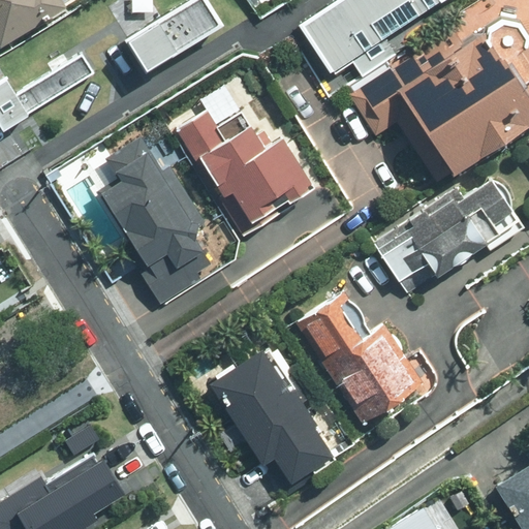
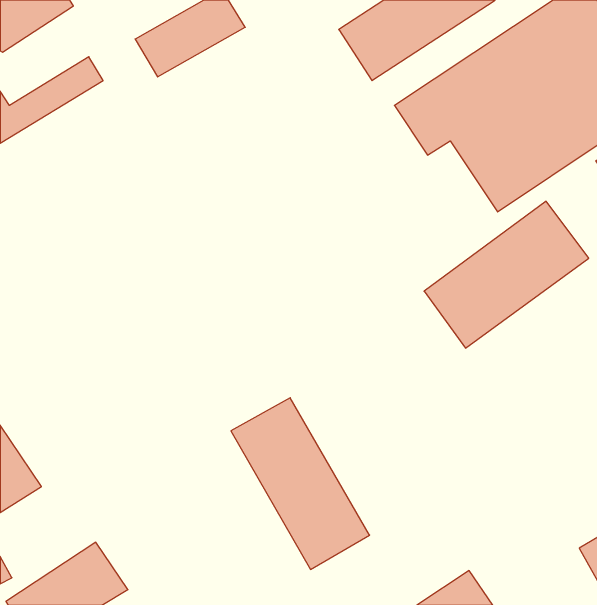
building: [177,91,322,237] -> none
building: [90,131,231,300] -> none
building: [287,289,425,427] -> none

